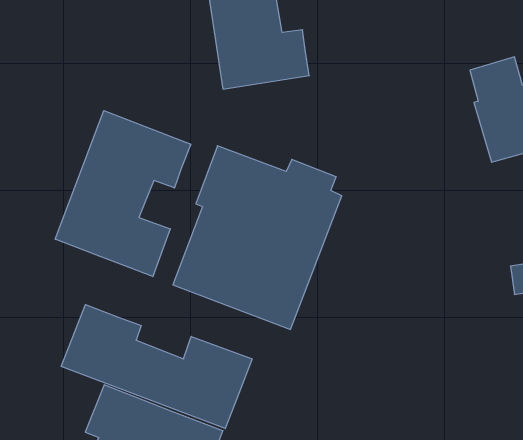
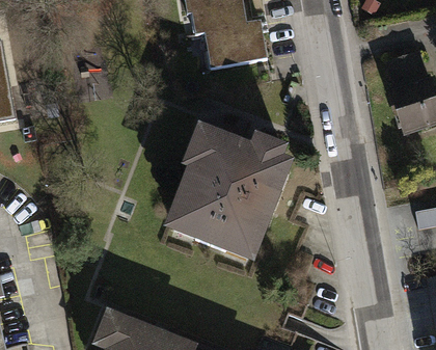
building: [55,111,191,277] -> none
building: [61,305,252,429] -> none

